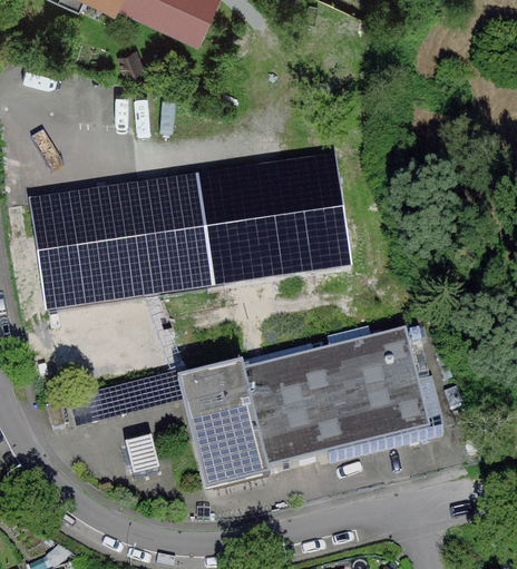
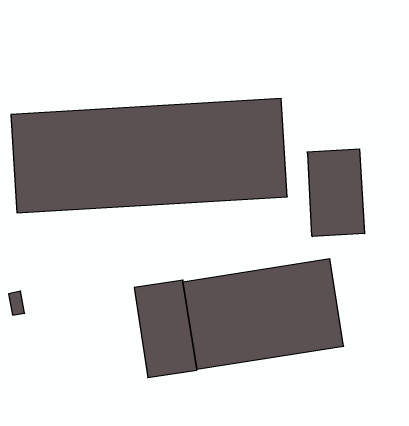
building: none -> [307,149,365,237]

